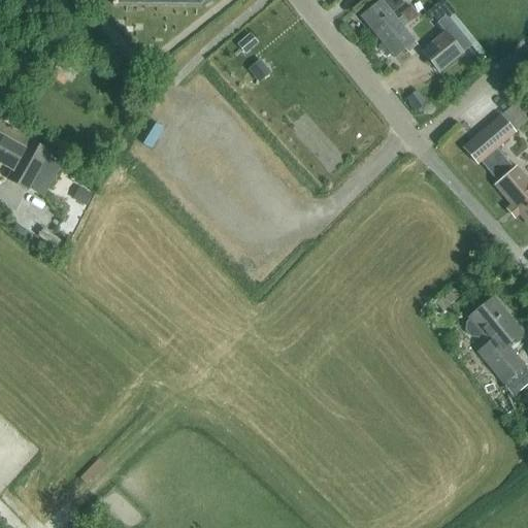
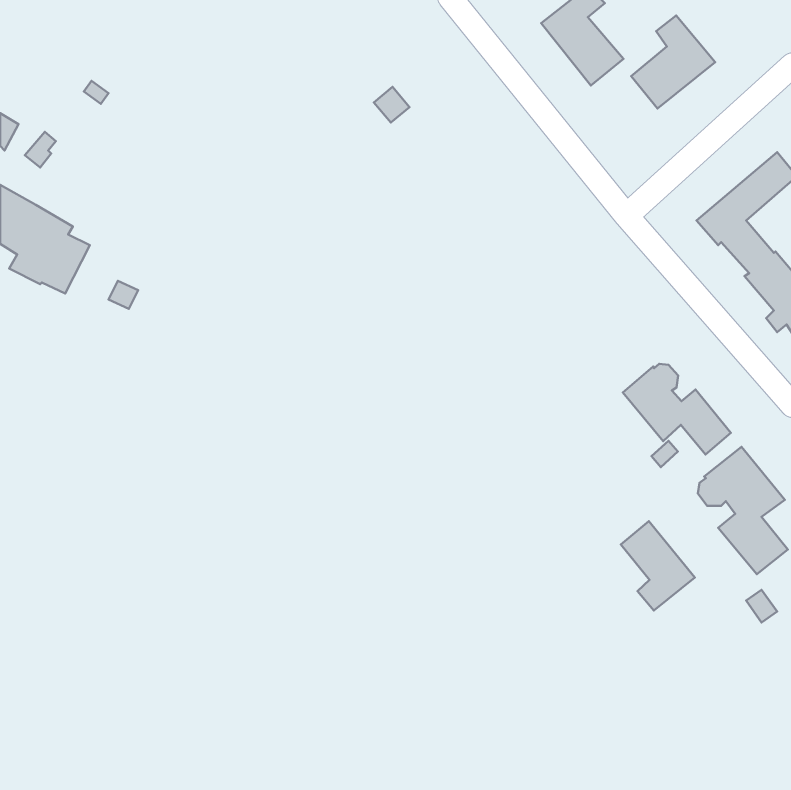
building: none -> [623,364,731,454]
building: none -> [621,521,695,610]

